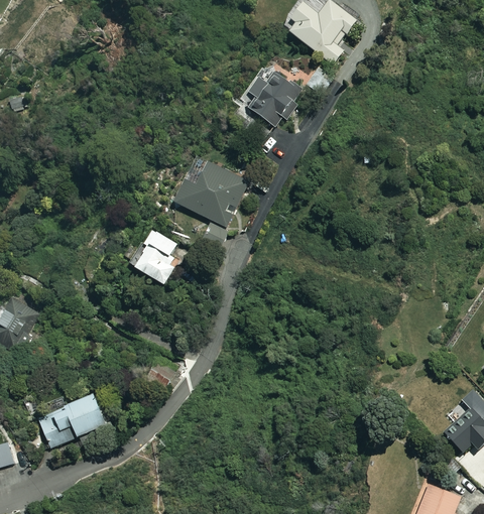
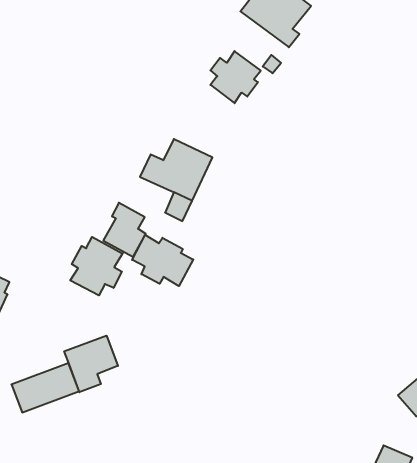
building: none -> [132,235,193,286]
building: none -> [70,237,123,295]
building: none -> [64,336,118,392]

